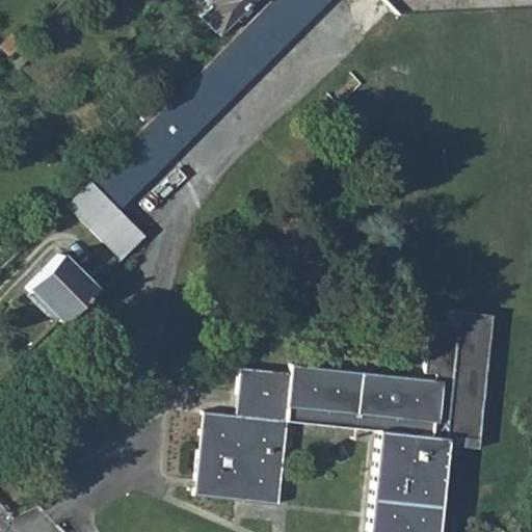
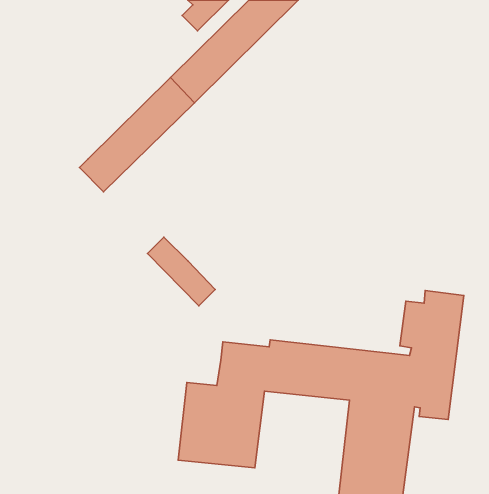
building: [74,181,147,255] -> [147,237,215,306]
building: [29,252,96,320] -> none

